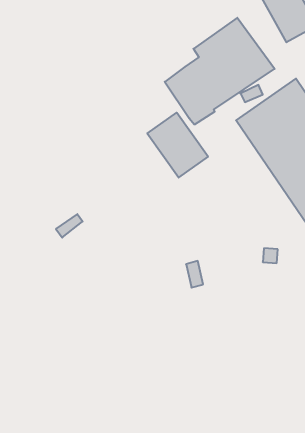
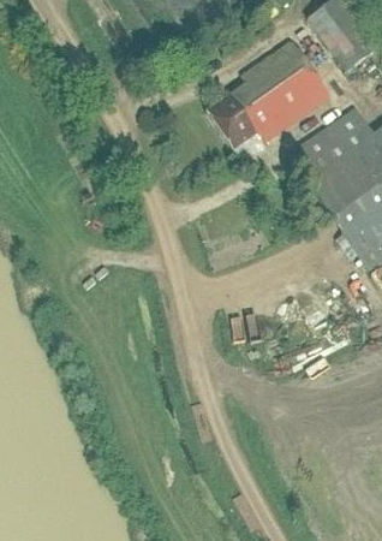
building: [147,113,208,178] -> none

